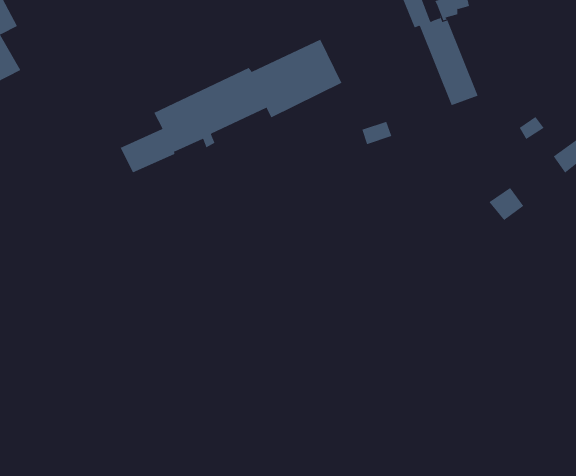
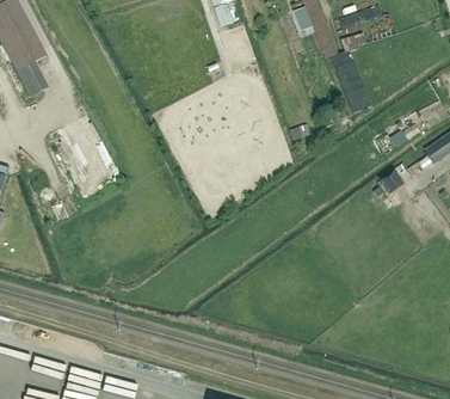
building: [120,39,342,173] -> none

